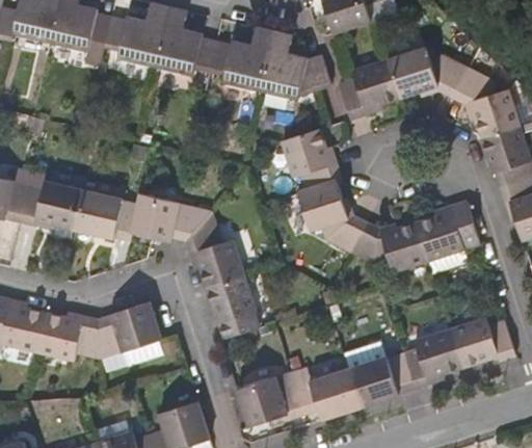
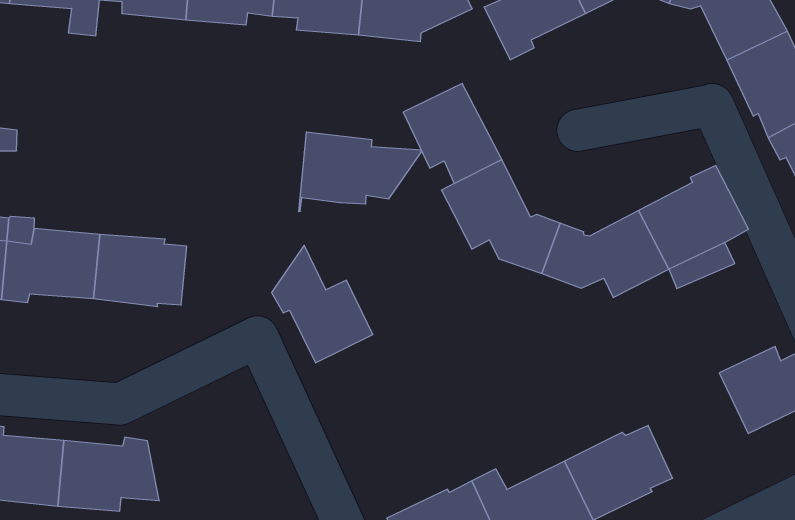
building: [129,191,209,240] -> [299,132,422,212]
building: [206,273,258,337] -> none
building: [97,300,165,365] -> none
building: [403,326,463,387] -> none

